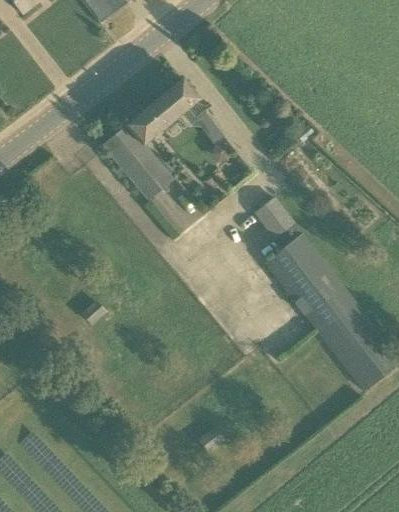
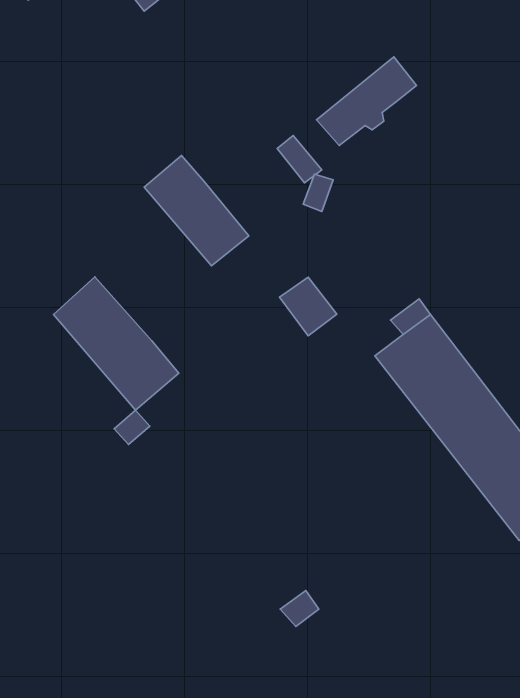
building: [128,78,198,140] -> [316,57,417,145]
building: [254,196,294,237] -> [280,277,337,336]
building: none -> [54,277,179,410]

